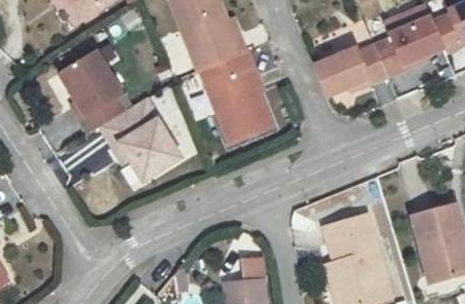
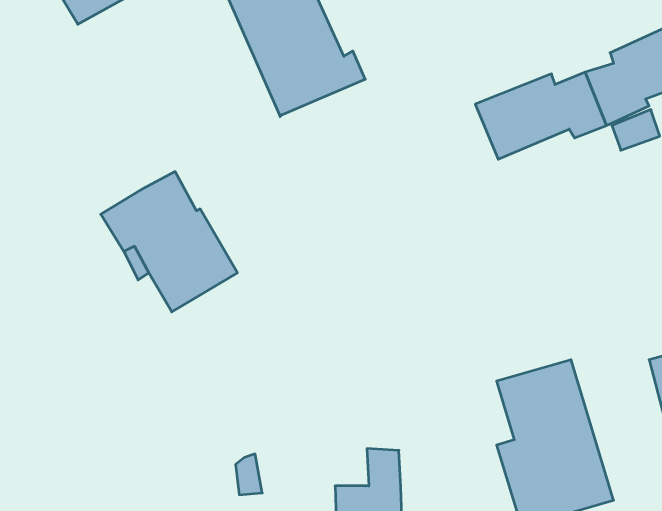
building: [200,51,272,145] -> none
building: [57,52,119,136] -> none

